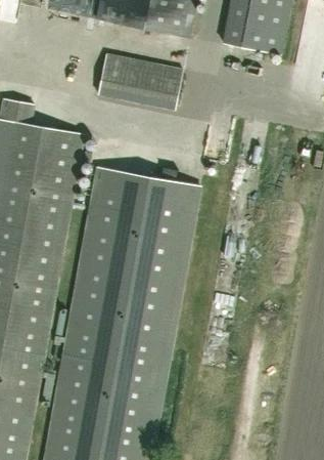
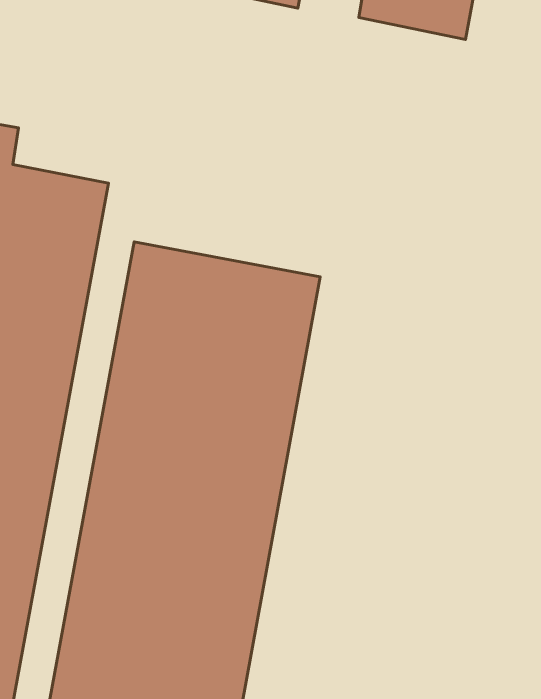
building: [97,54,182,111] -> none

